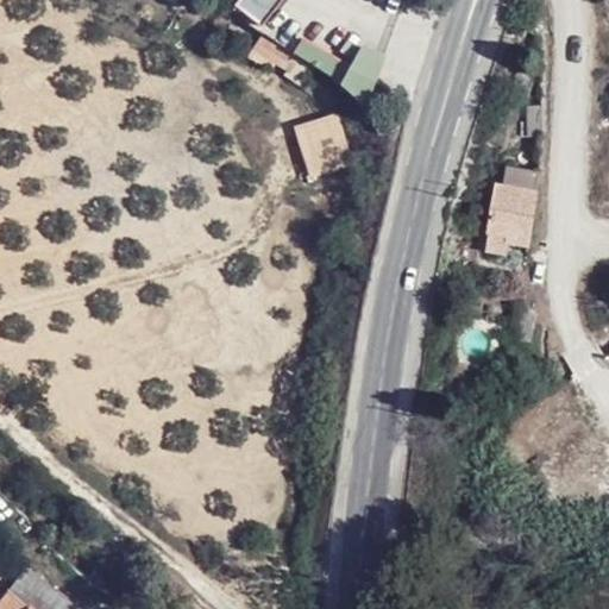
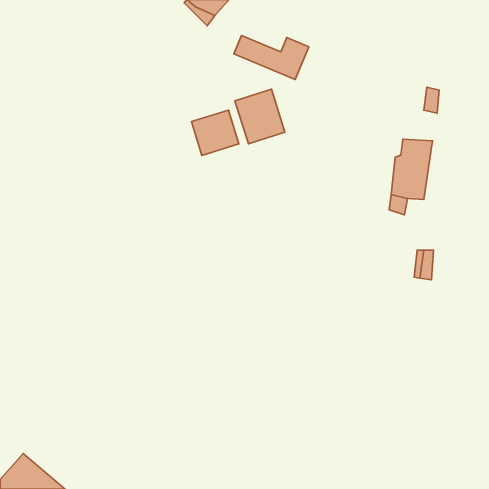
building: none -> [191,110,239,155]

